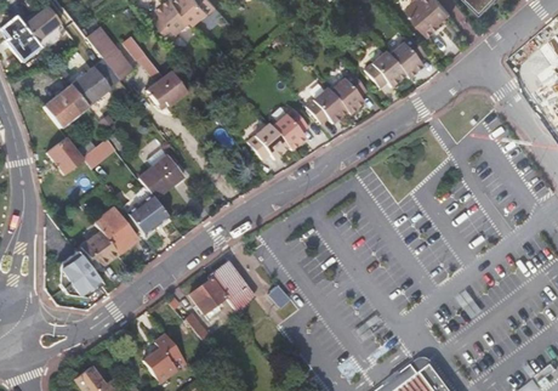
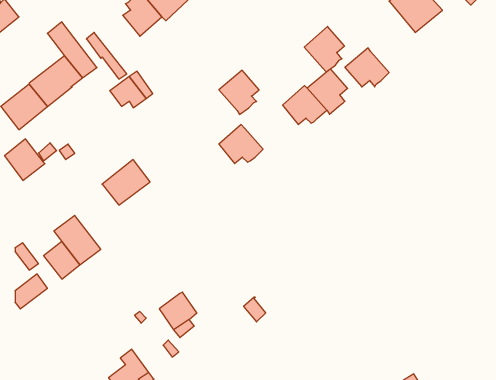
building: [388,35,426,78] -> [304,26,344,72]
building: [271,108,308,149] -> [219,70,259,114]
building: [124,192,167,236] -> none
building: [210,260,255,314] -> none

